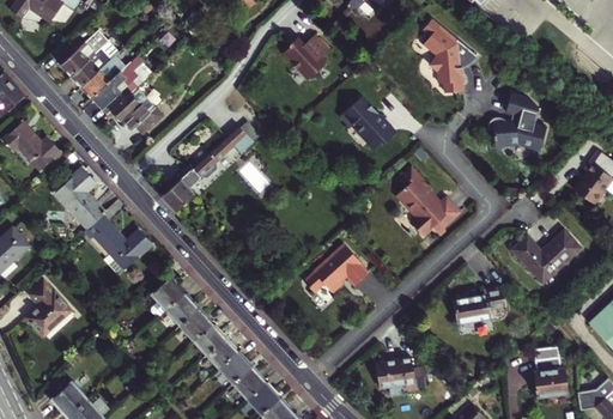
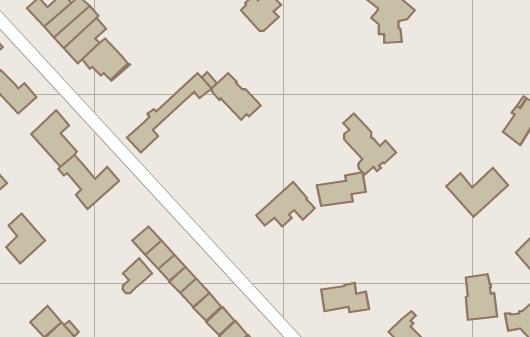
building: [487,93,547,150] -> none
building: [341,98,395,150] -> [212,73,261,120]
building: [152,278,184,316] -> [123,258,152,293]
building: [453,286,506,323] -> [317,172,366,206]

